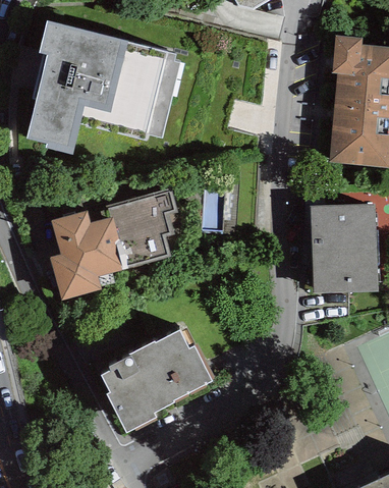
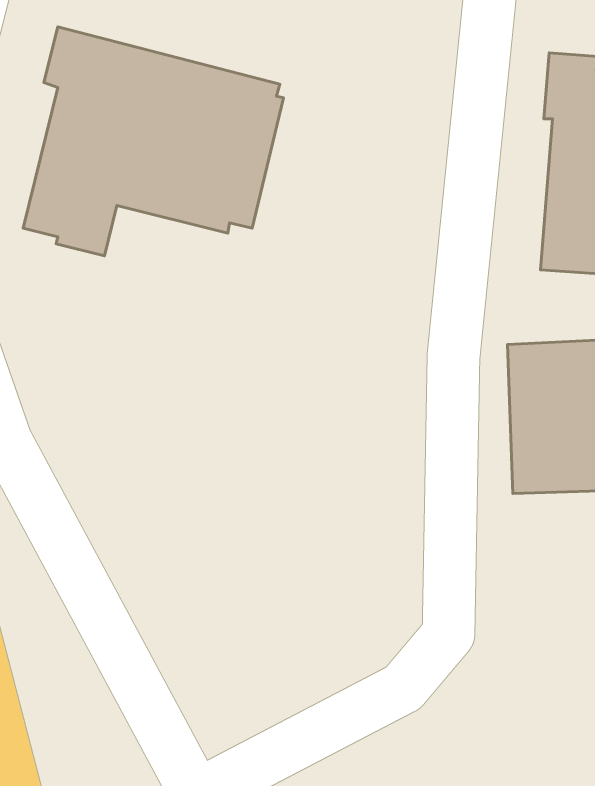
building: [50,187,178,300] -> none
building: [101,330,212,434] -> none

